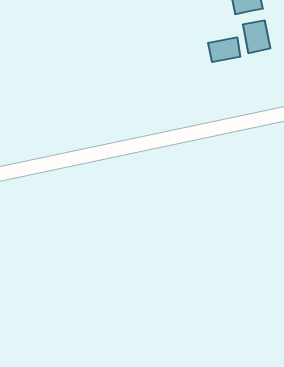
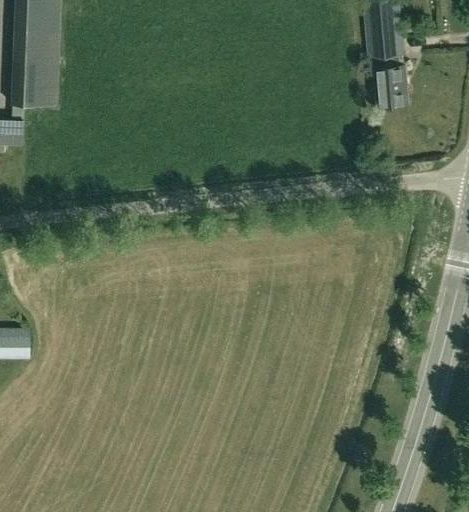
building: [208,37,240,62] -> none

